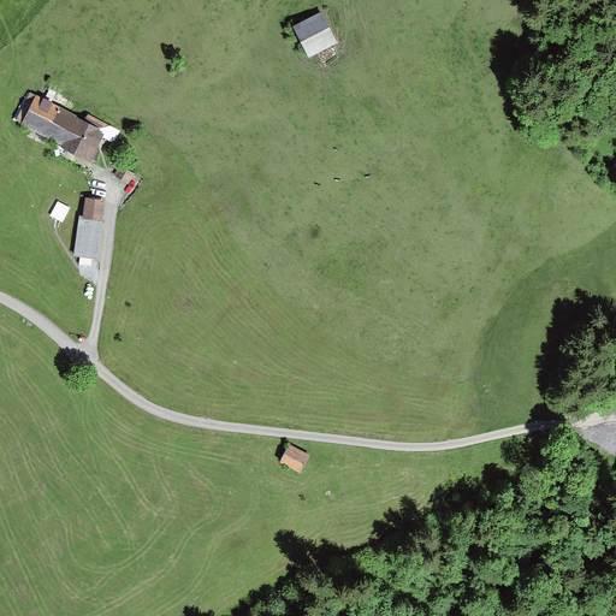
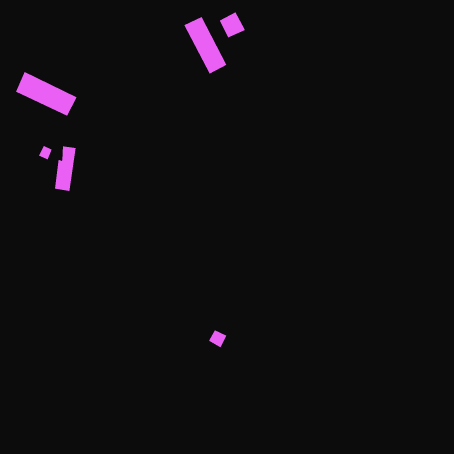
building: none -> [183,16,227,75]

